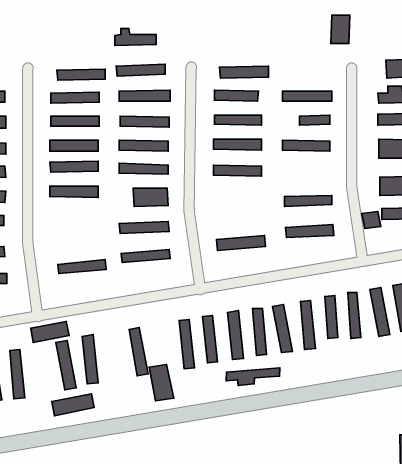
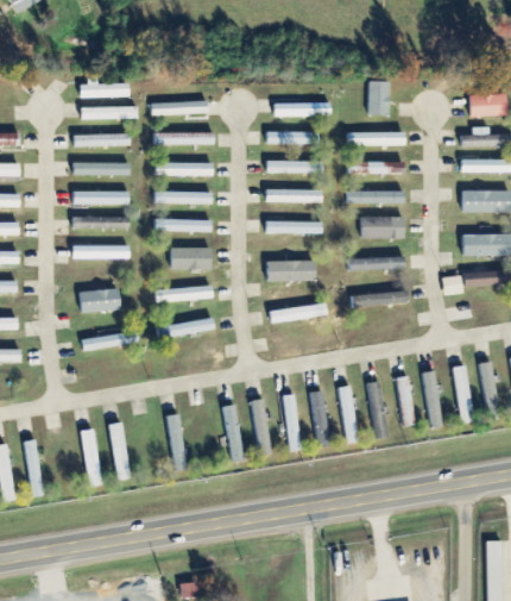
building: [331,15,350,43] -> [368,81,391,114]
building: [115,29,156,46] -> [81,76,130,96]
building: none -> [362,215,406,238]
building: none -> [267,261,316,281]
building: none -> [81,288,121,312]
building: [31,322,69,342] -> none
building: [149,365,174,401] -> none
building: [226,368,280,386] -> none
building: [52,394,94,416] -> none

